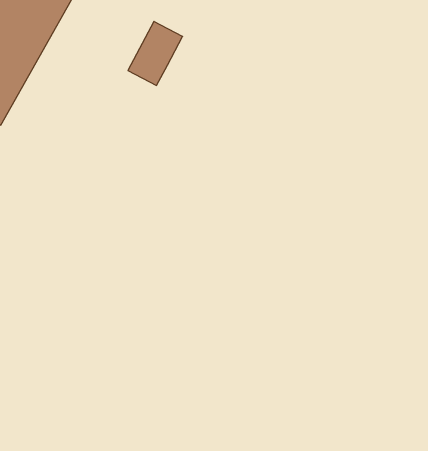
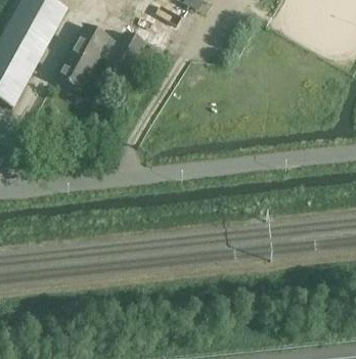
building: none -> [60,23,113,89]

